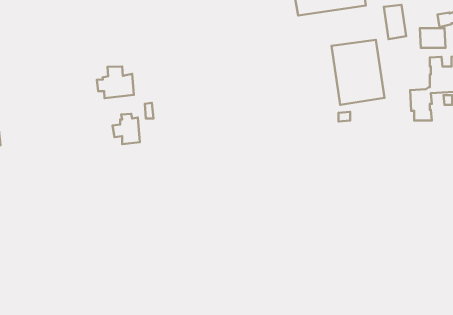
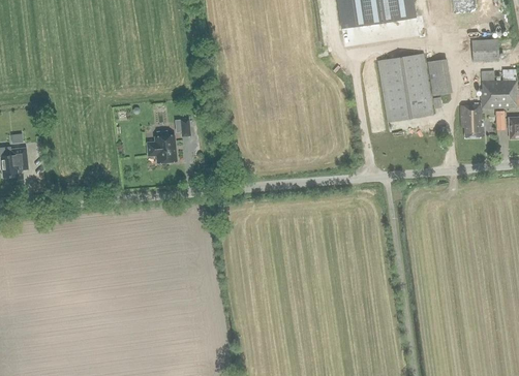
building: [384,5,406,39] -> [428,59,452,95]
building: [97,66,134,98] -> none

